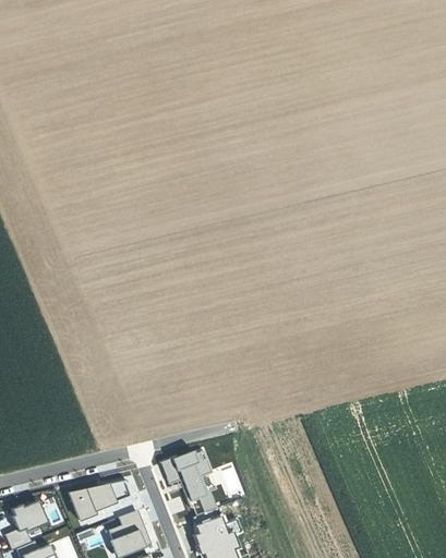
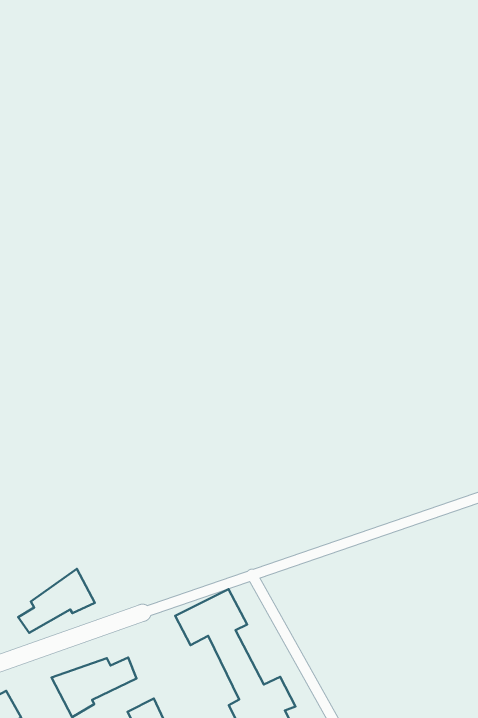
building: none -> [18,569,95,633]

